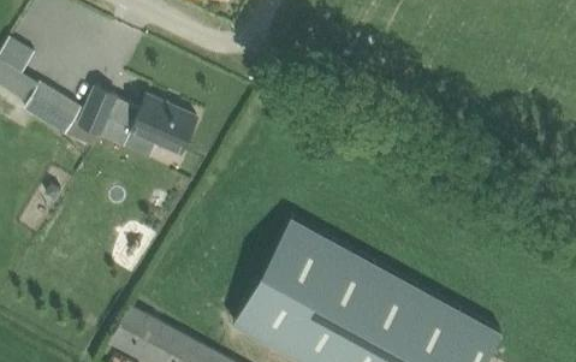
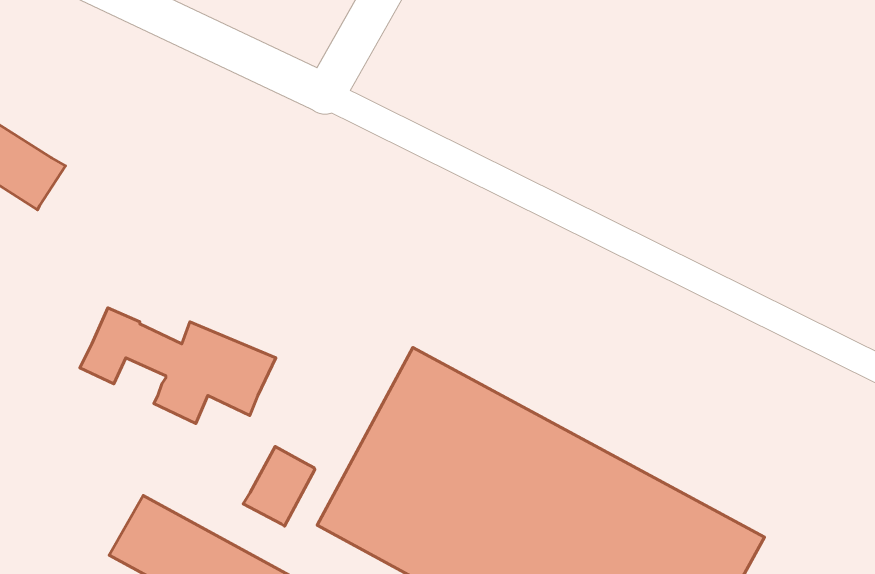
building: [79,88,197,158] -> [80,308,276,424]
building: none -> [243,446,315,526]

